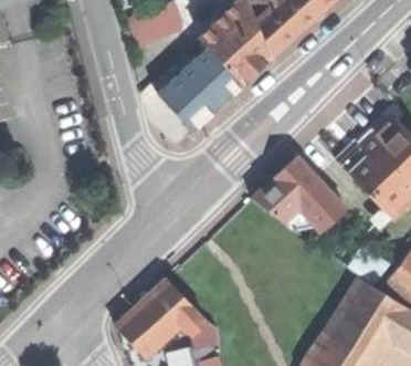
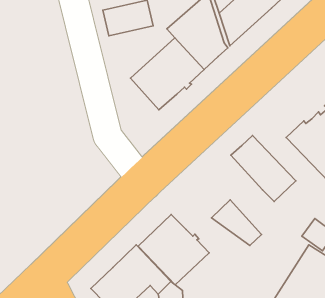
building: [252,178,308,229] -> [211,200,262,245]
building: none -> [138,214,209,285]

